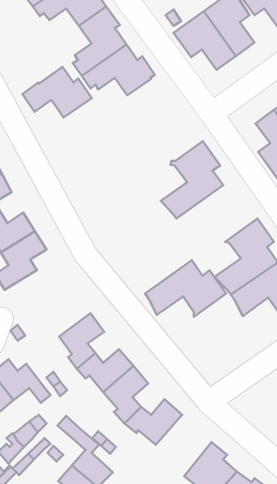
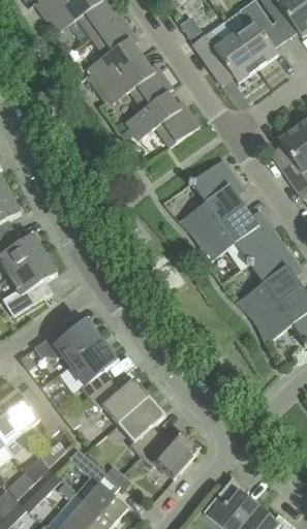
building: [23,67,92,118] -> [126,92,199,146]
building: [145,260,226,317] -> [195,205,281,264]
building: none -> [35,320,104,365]

